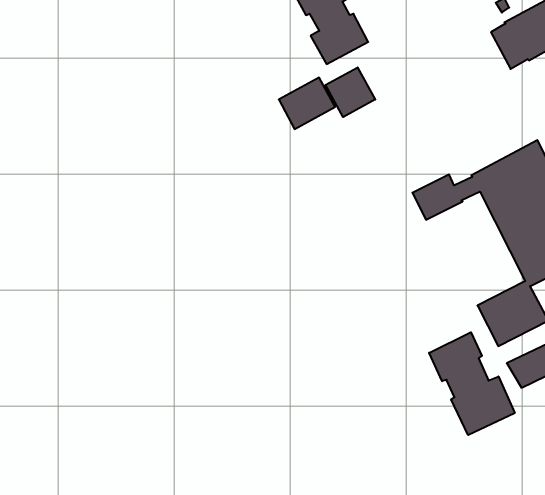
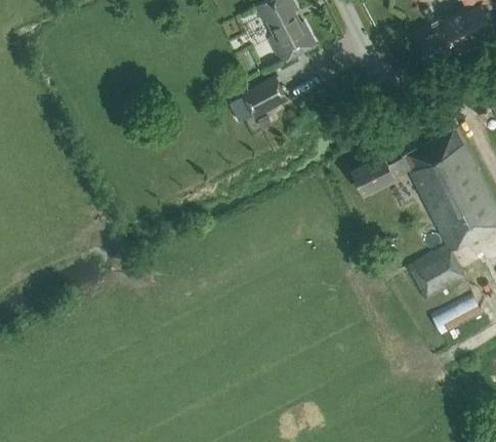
building: [325,67,375,117] -> none
building: [429,332,515,435] -> none

